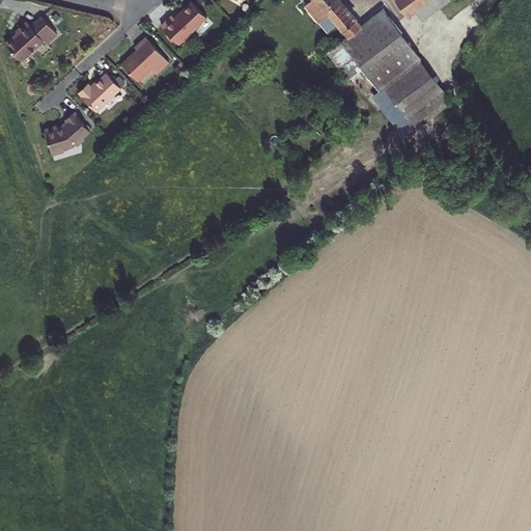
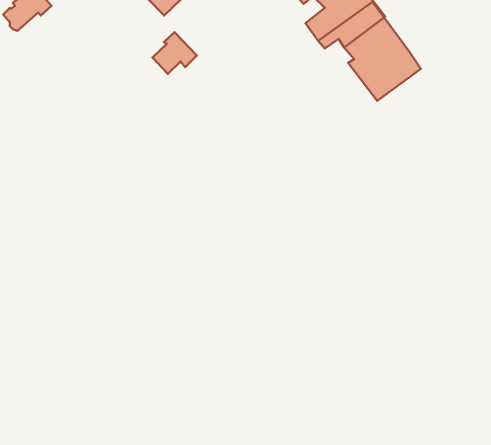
building: [121,38,169,83] -> [152,32,197,74]
building: [79,73,121,111] -> none
building: [44,111,90,155] -> none

